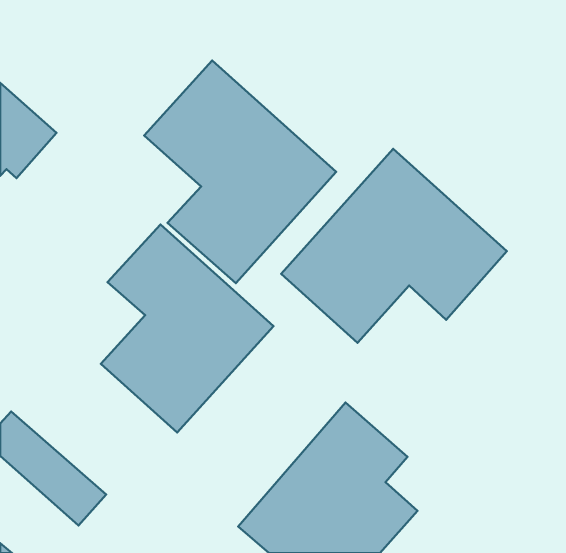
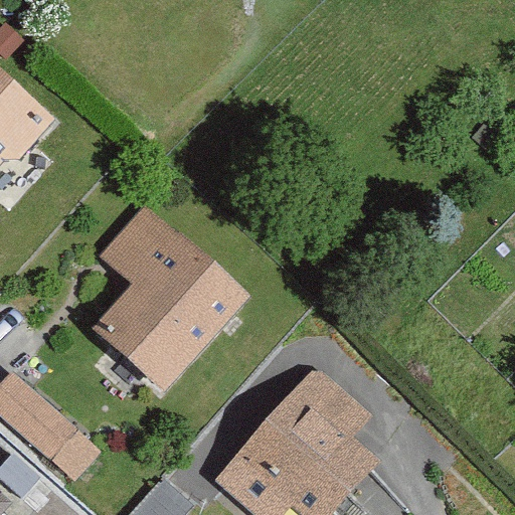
building: [144,61,336,283] -> none
building: [281,149,507,343] -> none

